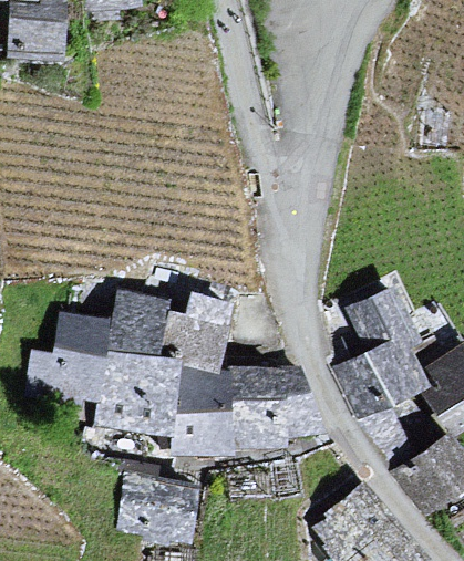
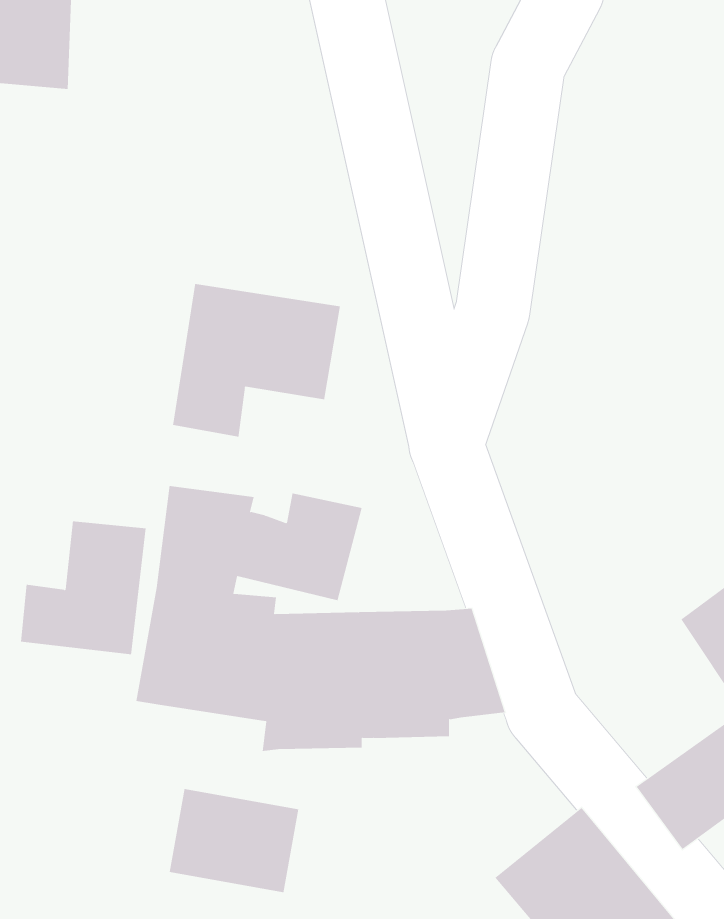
building: none -> [173,283,341,437]
building: [334,289,416,454] -> none

